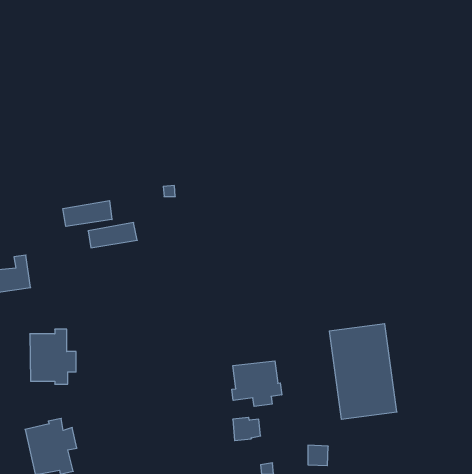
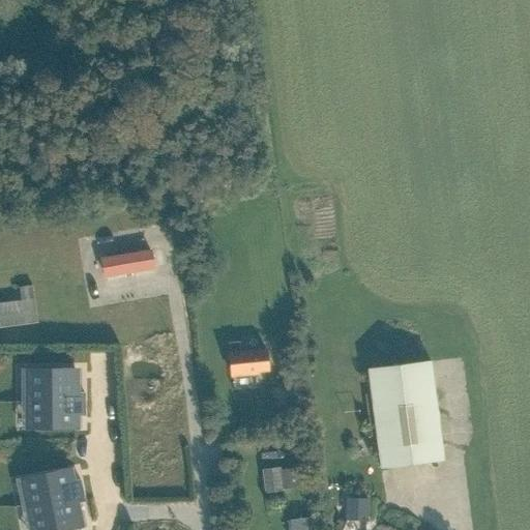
building: [63,201,112,226] -> none
building: none -> [227,343,266,380]
building: [232,361,282,406] -> none

